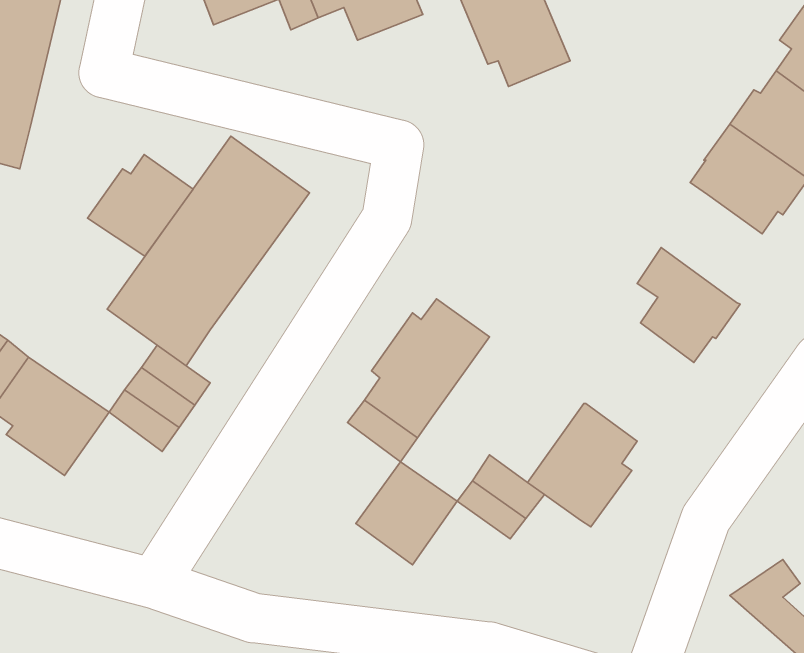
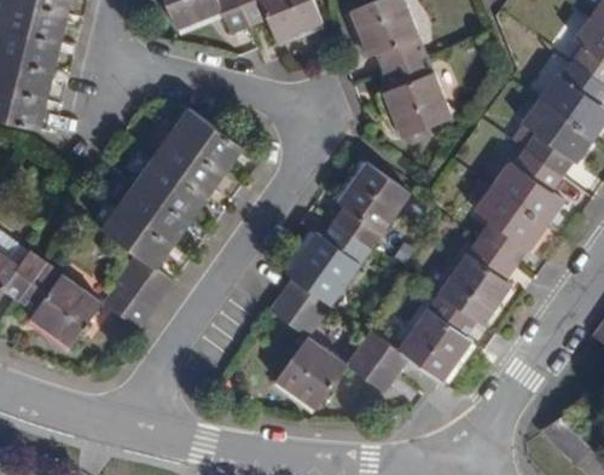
building: none -> [383,54,452,139]
building: [87,154,193,256] -> none
building: none -> [490,149,562,225]
building: none -> [332,162,410,249]
building: none -> [437,239,513,328]

